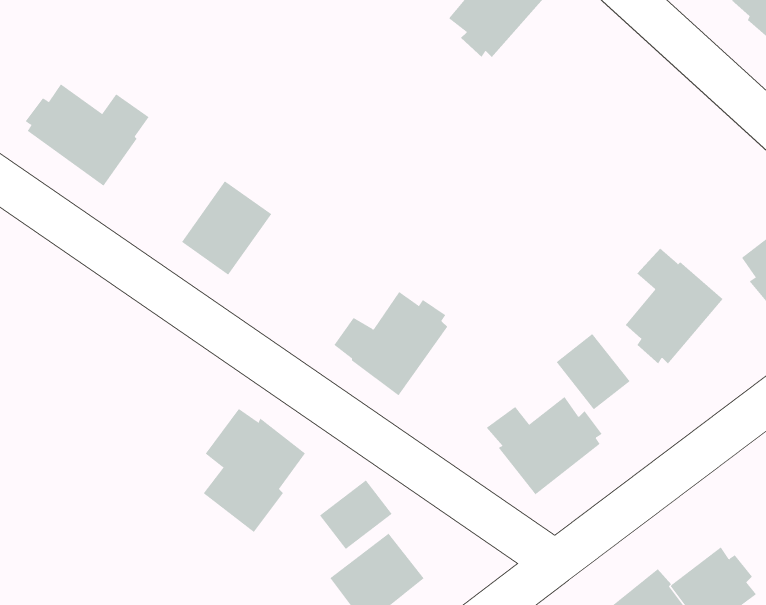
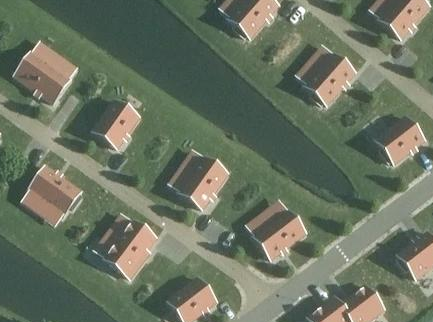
building: [625,248,724,365] -> [304,46,354,105]
building: none -> [22,166,81,215]
building: [556,333,630,410] -> none
building: [319,479,393,550] -> none

